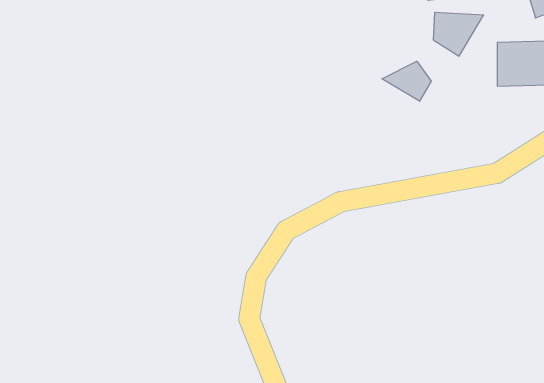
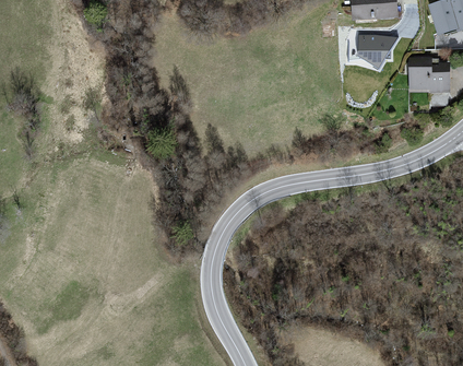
building: [382,61,431,101] -> none

